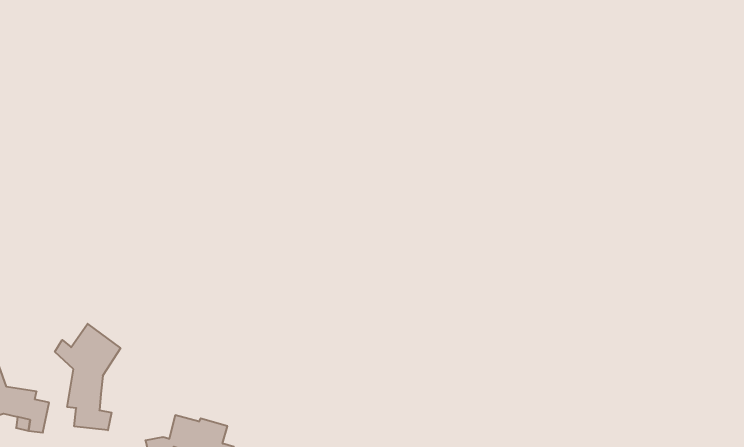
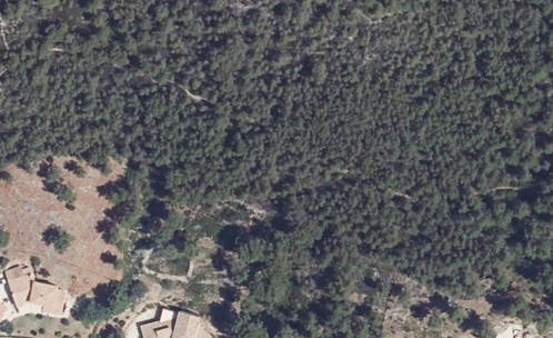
building: [55,324,120,430] -> none

